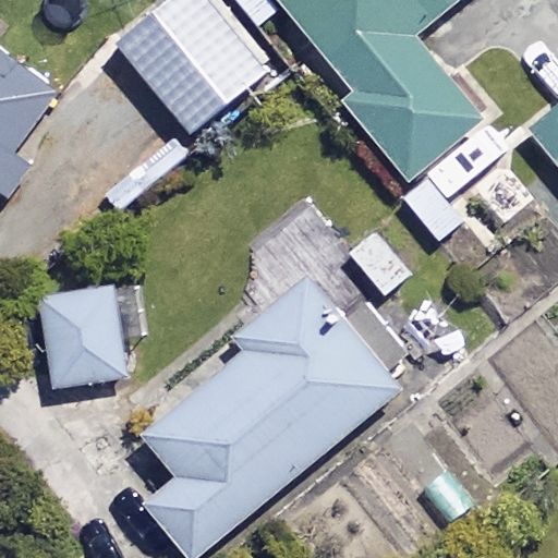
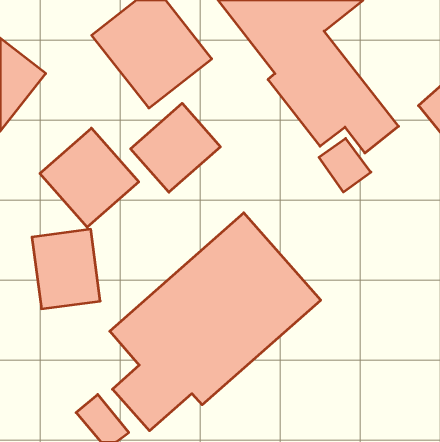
building: none -> [131,103,220,192]
building: none -> [40,128,139,227]

